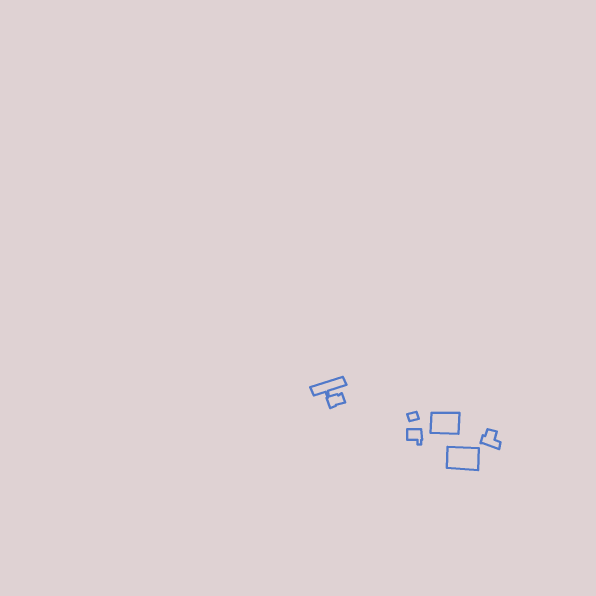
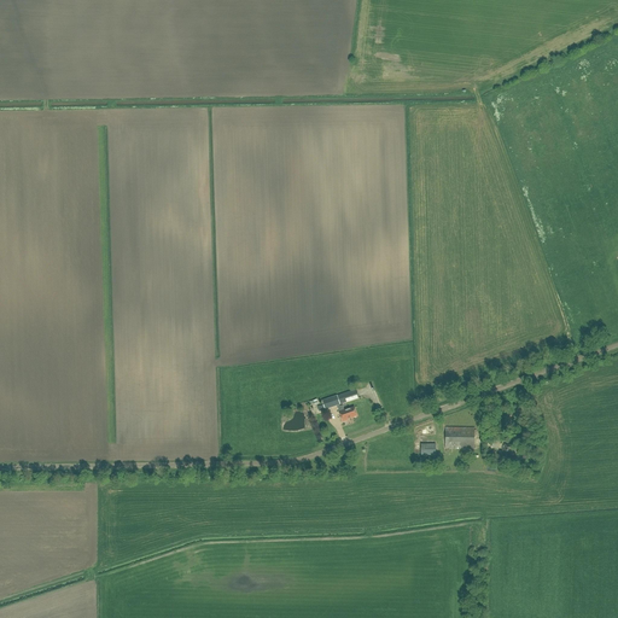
building: [447,447,479,470] -> none

